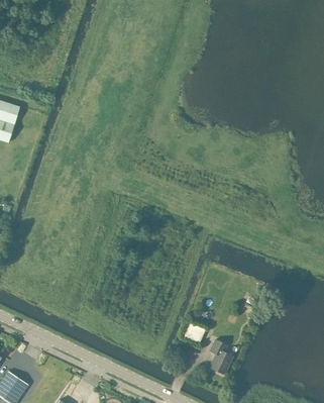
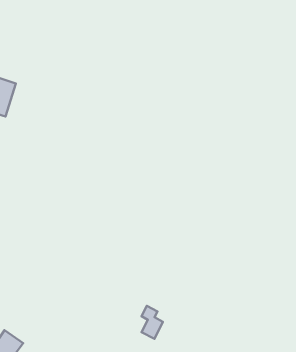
building: [209,339,232,375] -> [141,306,163,339]

